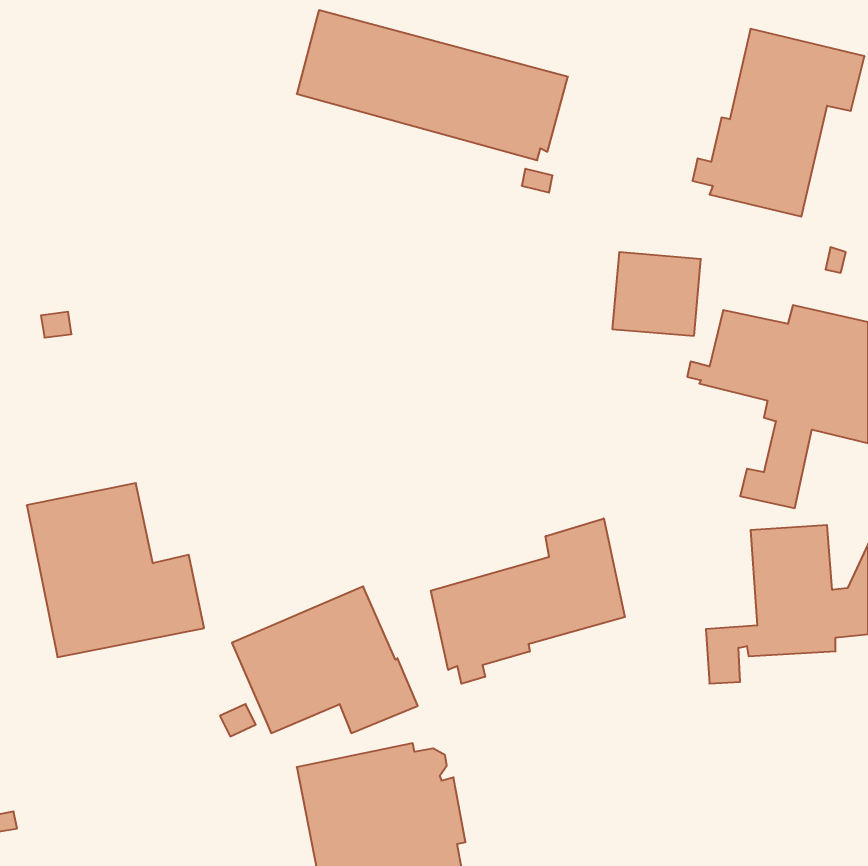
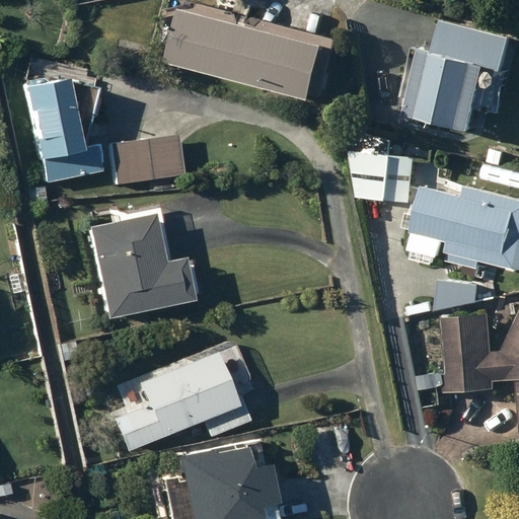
building: none -> [23,79,100,183]
building: none -> [107,135,182,188]
building: [27,483,204,657] -> [87,216,193,319]
building: [431,518,625,684] -> none

